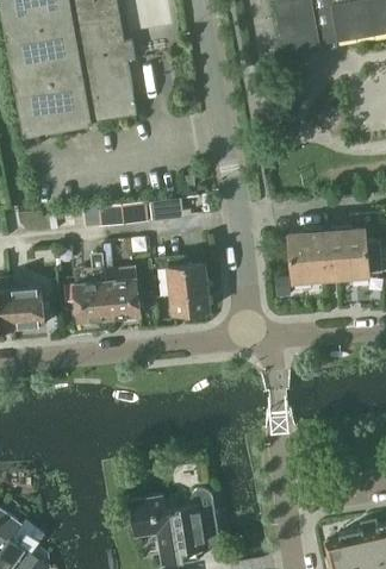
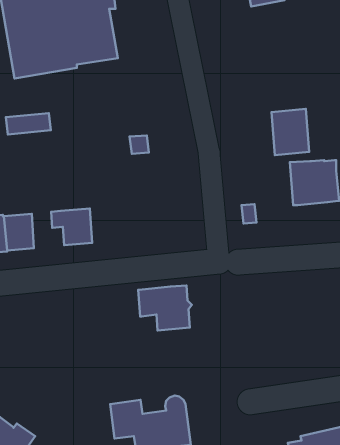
building: [98,202,148,226] -> [6,113,51,135]
building: [290,230,331,281] -> [272,109,309,155]
building: [151,263,211,313] -> [138,285,192,331]
building: [105,268,141,319] -> none

